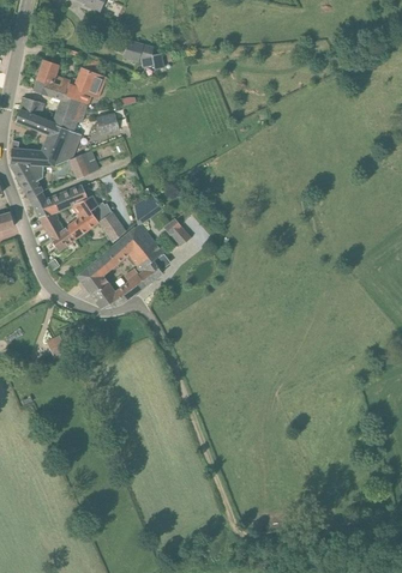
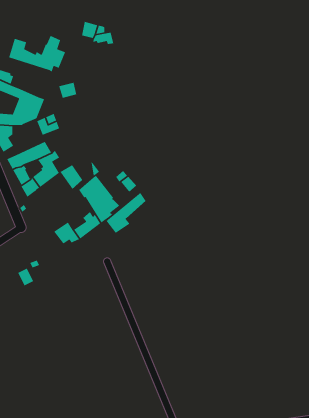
building: [34,84,89,131] -> none
building: [78,242,127,292] -> [106,192,147,234]

